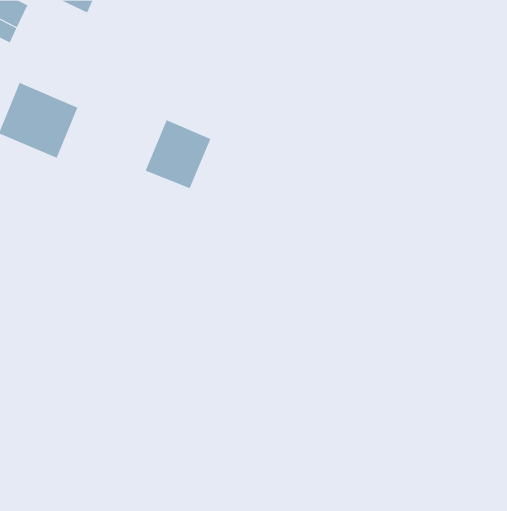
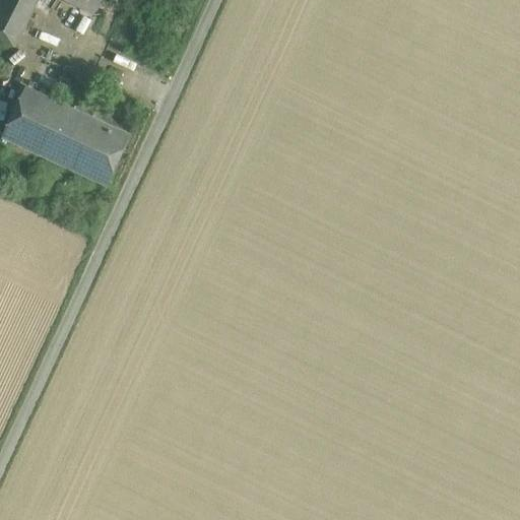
building: [145,120,211,189] -> [58,111,125,181]

